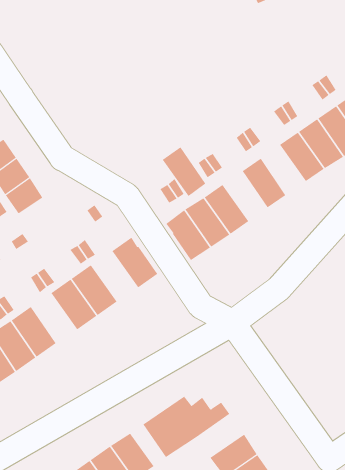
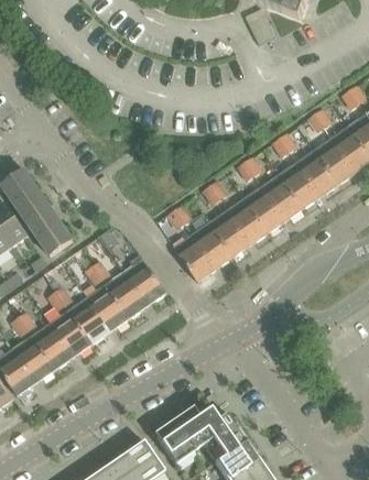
building: none -> [262,174,303,220]
building: [162,147,206,197] -> [227,198,268,244]
building: none -> [39,222,74,255]
building: none -> [106,272,149,318]
building: none -> [51,310,93,357]
building: none -> [203,422,247,462]

